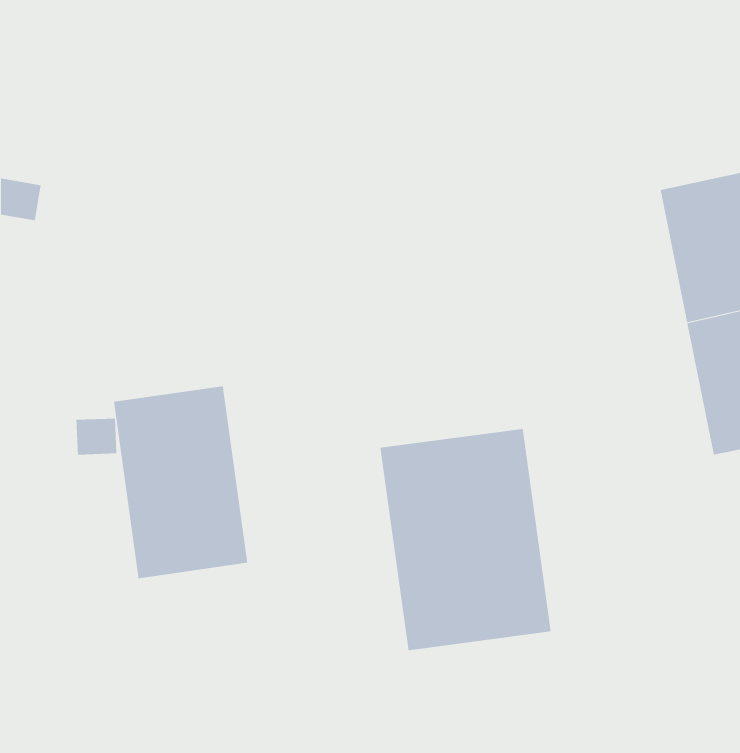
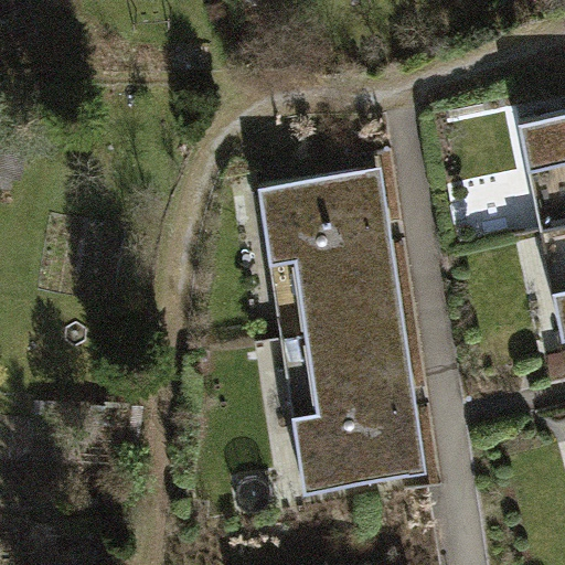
building: none -> [275,169,403,333]
building: [113,385,248,579] -> none

